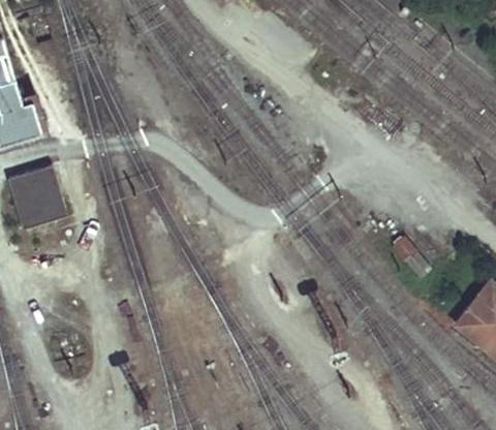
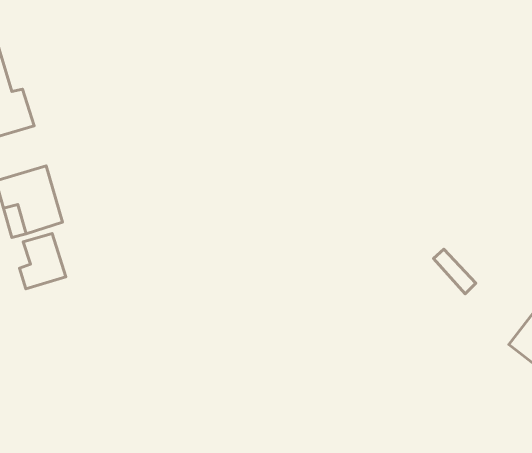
building: none -> [20,234,66,289]

